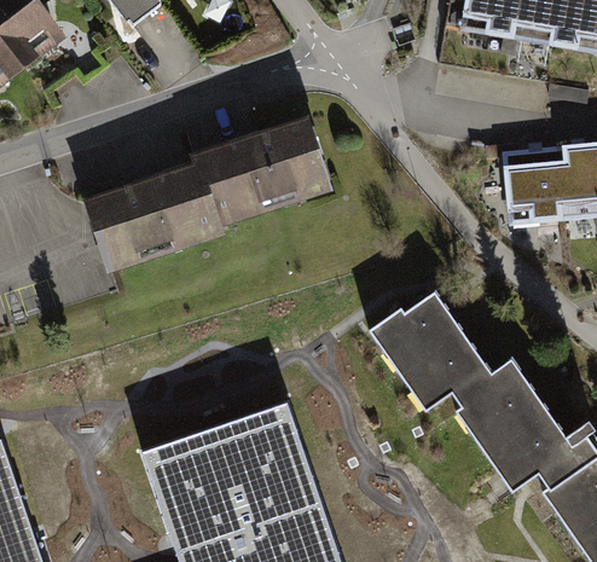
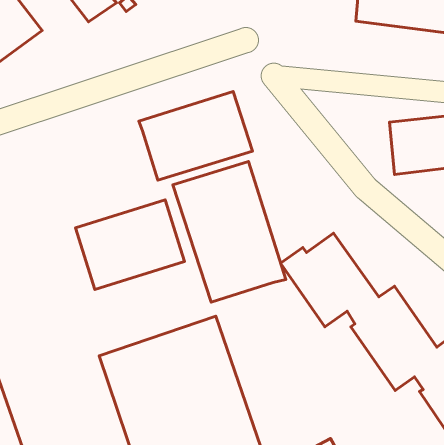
building: [82,166,219,278] -> [75,200,184,289]
building: none -> [173,162,286,302]

